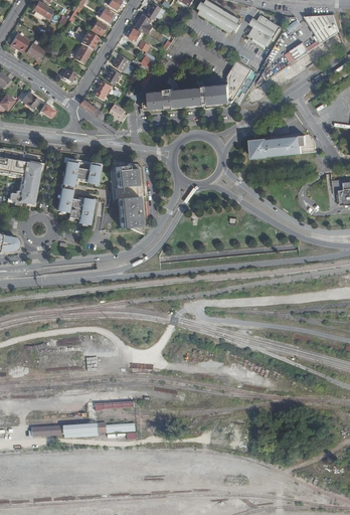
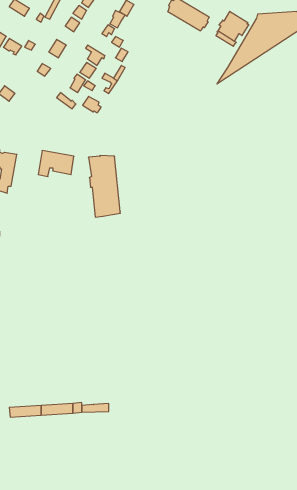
building: [140,59,251,114] -> none
building: [249,135,305,157] -> none
building: [56,188,93,223] -> none

